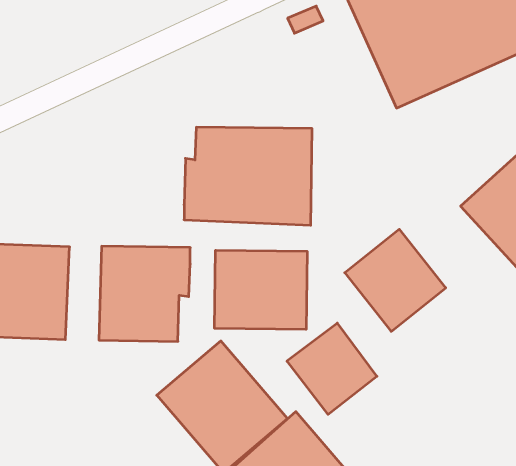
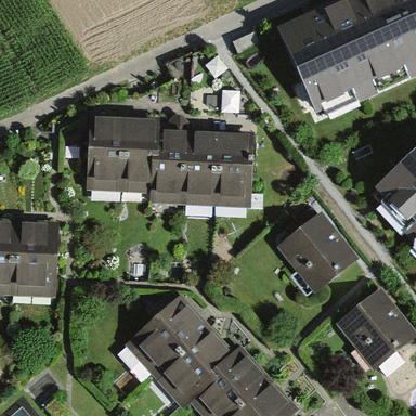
building: [99,246,190,341] -> [88,115,160,191]
building: [215,250,307,329] -> none
building: [287,323,377,414] -> [337,289,408,362]

